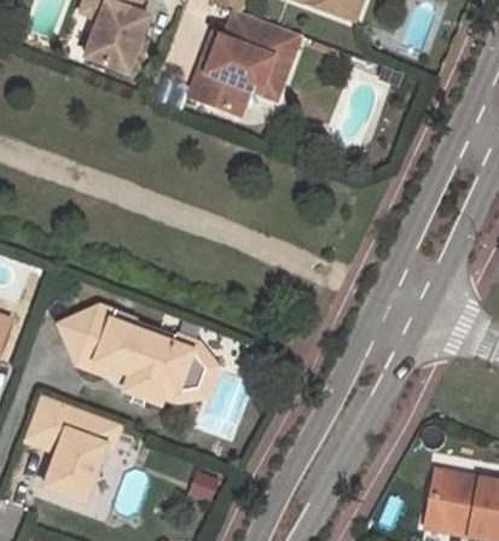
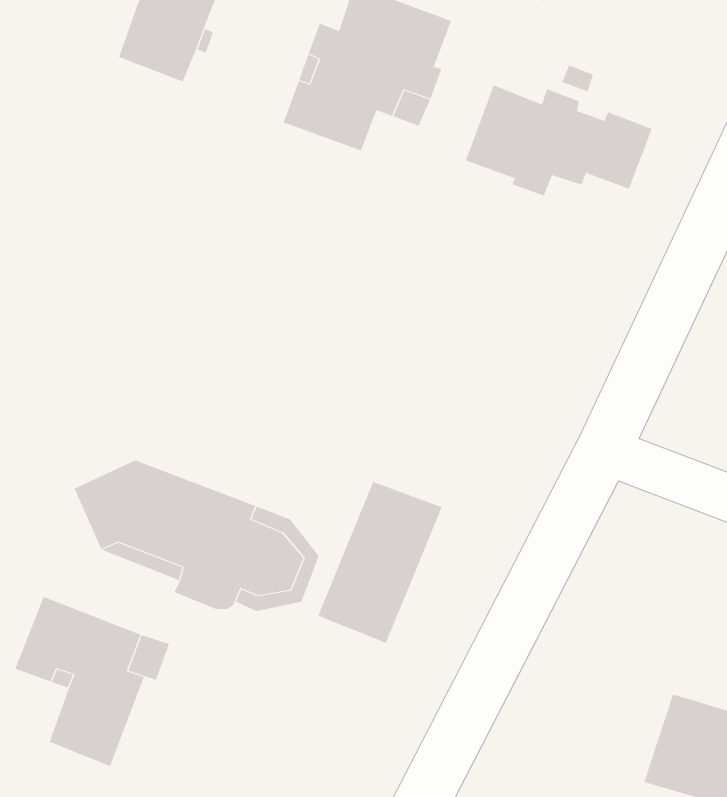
building: none -> [465,85,653,196]
building: none -> [317,481,442,644]

